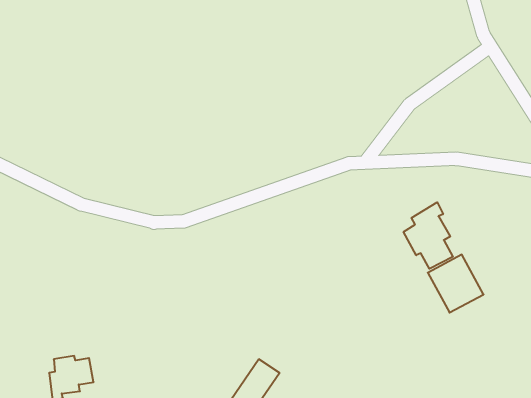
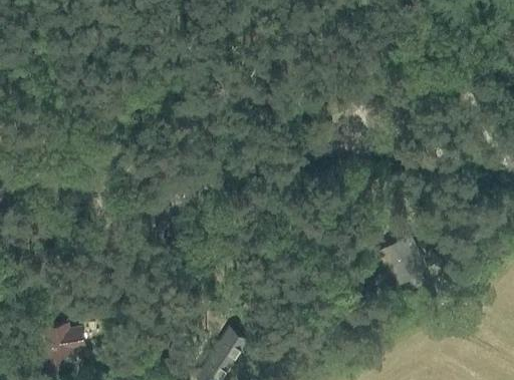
building: [404,202,453,269] -> none

